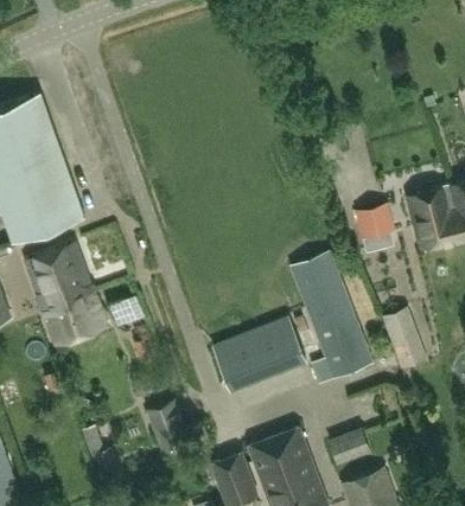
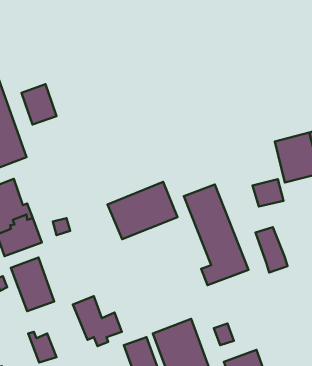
building: none -> [21,84,57,125]
building: [353,204,394,239] -> [253,179,283,206]
building: [215,316,306,391] -> [108,182,178,239]
building: none -> [11,258,54,311]

